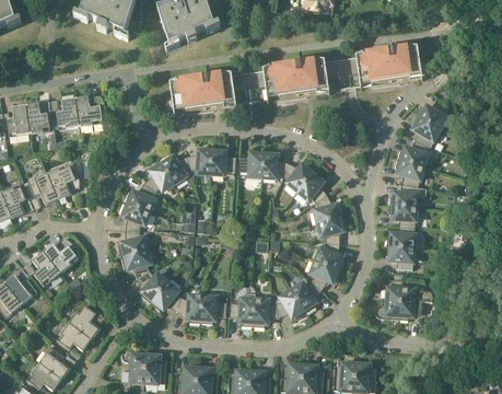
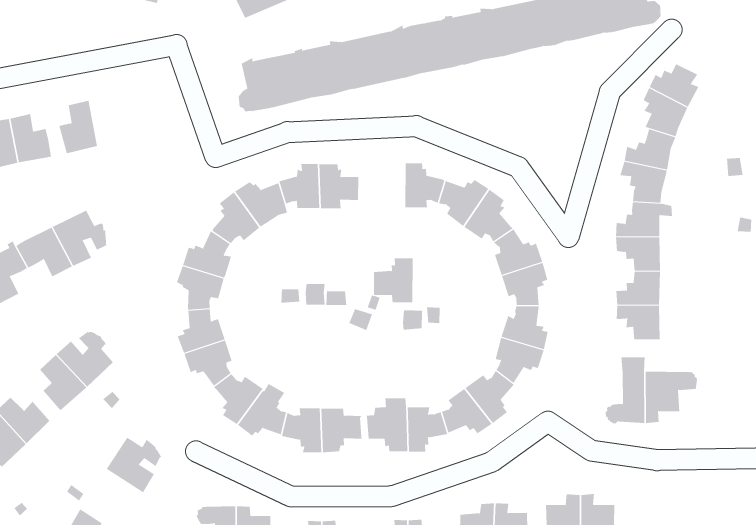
building: [75,95,106,125] -> none
building: [238,148,265,176] -> [373,258,414,303]
building: [57,322,91,349] -> none

